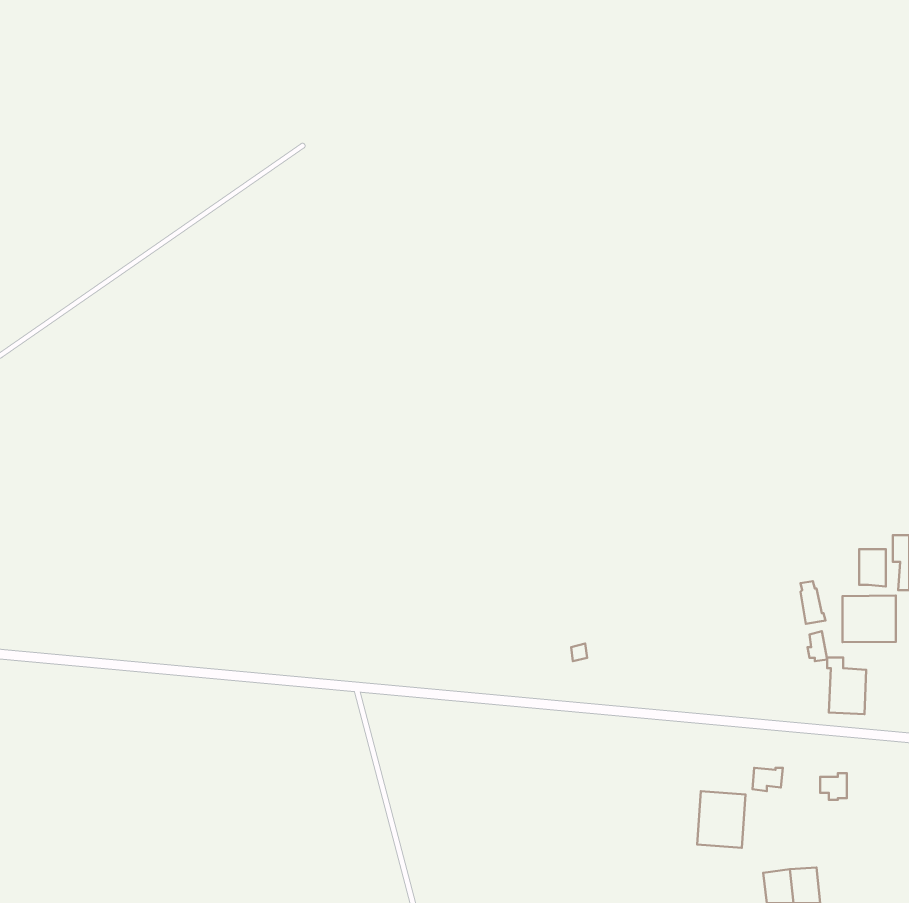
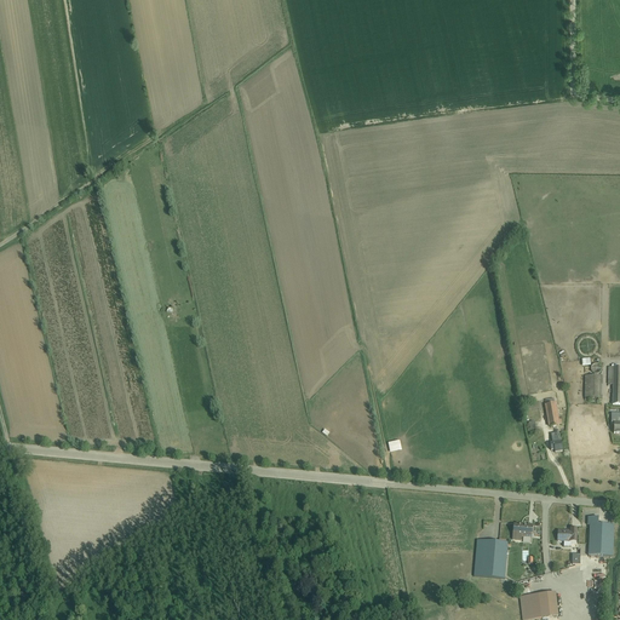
building: [842,596,896,642] -> none
building: [827,657,866,714] -> [587,516,614,555]

